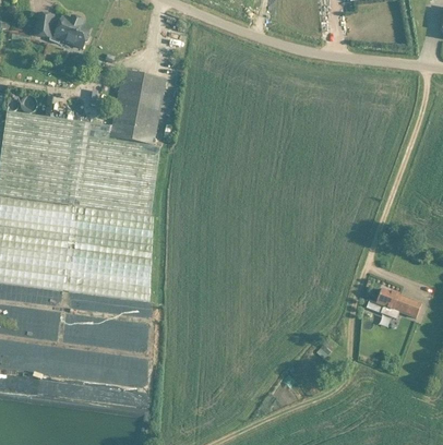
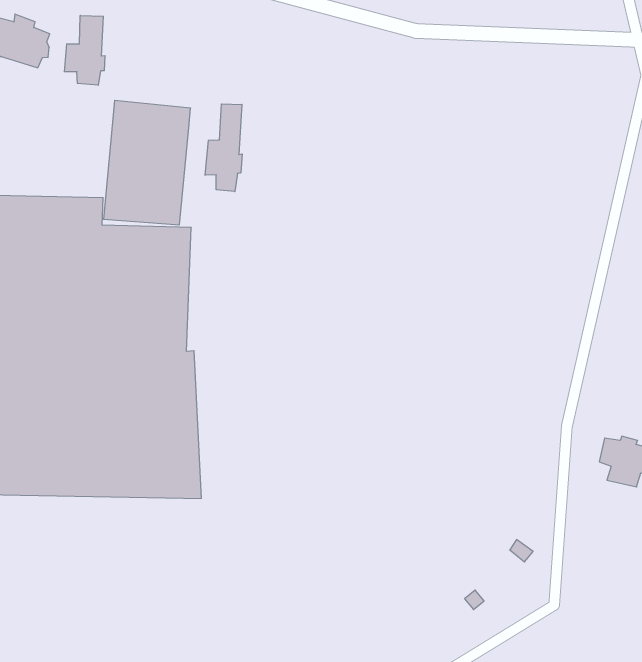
building: none -> [64,15,105,85]
building: none -> [205,104,242,192]

